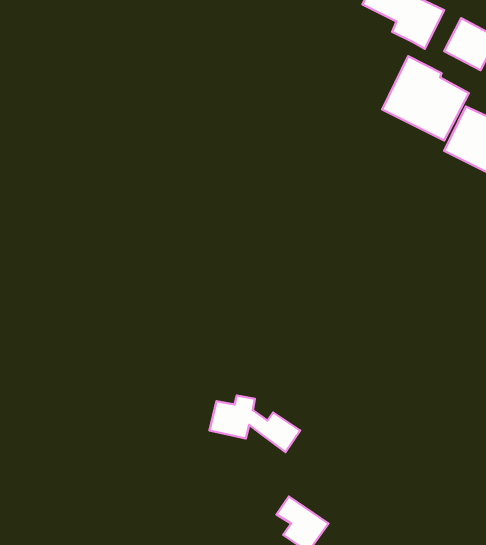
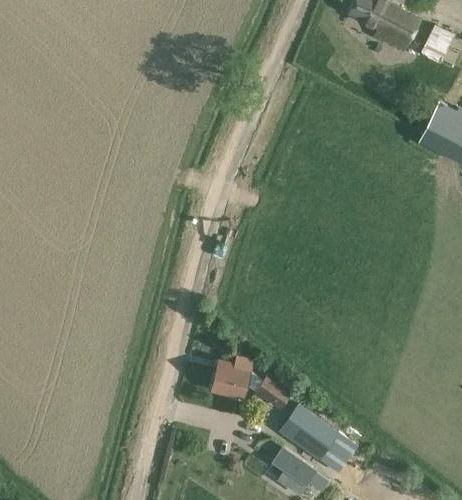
building: [382,56,469,140] -> none
building: none -> [279,406,356,472]

